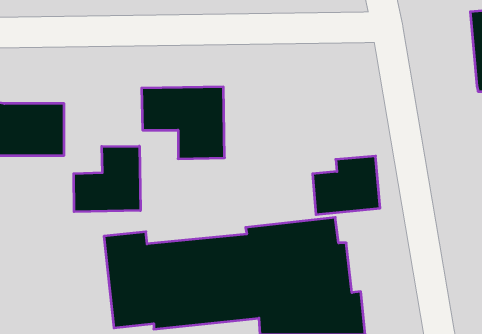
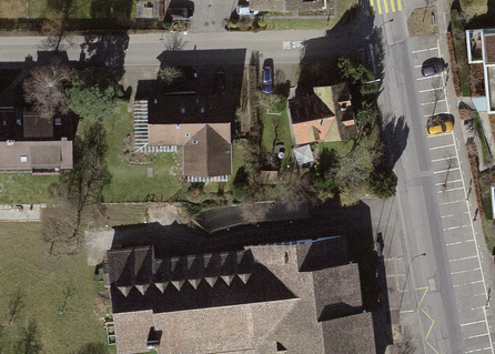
building: [74,146,140,212] -> none
building: [313,156,380,215] -> [291,89,358,148]

